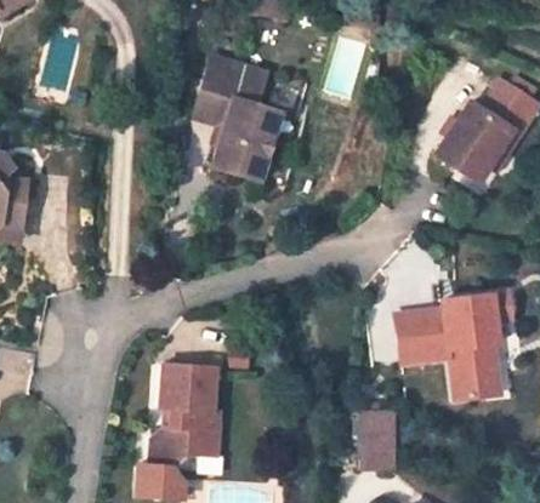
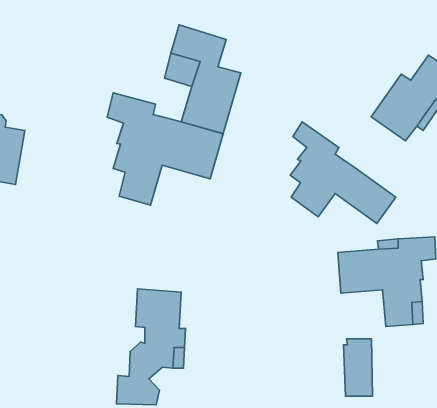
building: none -> [107,93,223,205]
building: none -> [290,122,396,223]
building: [362,400,396,467] -> [343,339,373,396]

